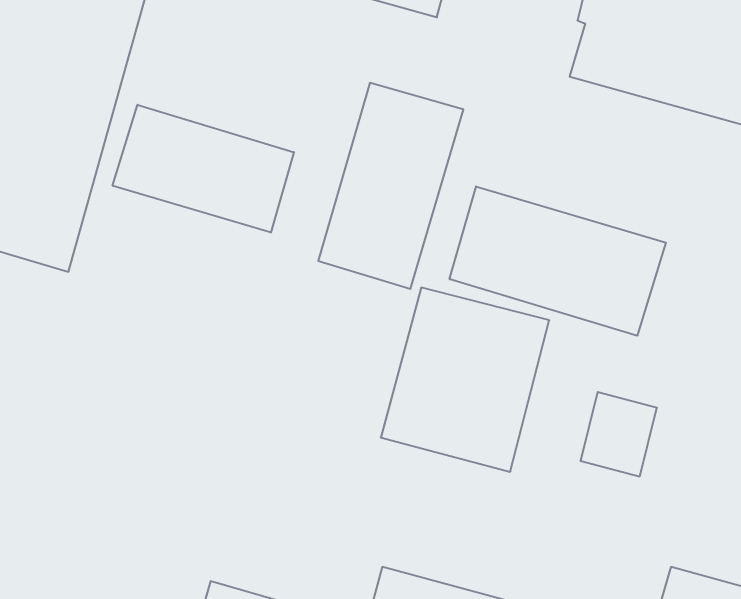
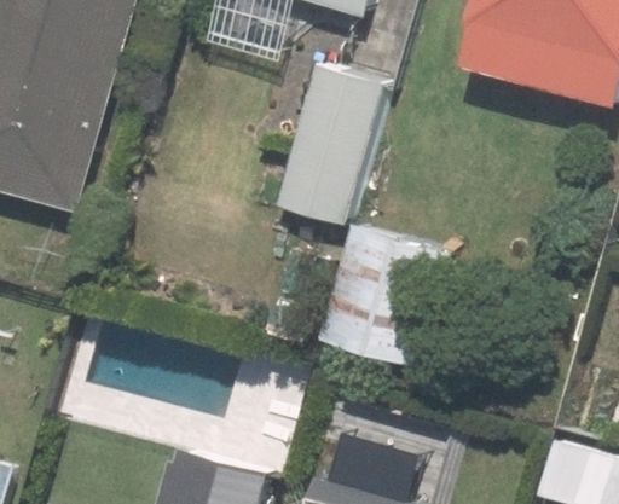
building: [113,105,294,233] -> none
building: [450,186,666,336] -> none

